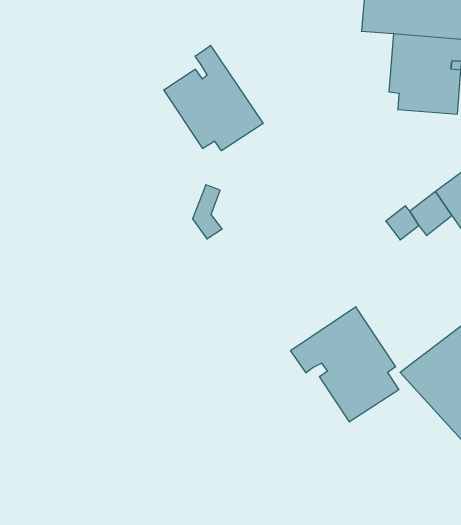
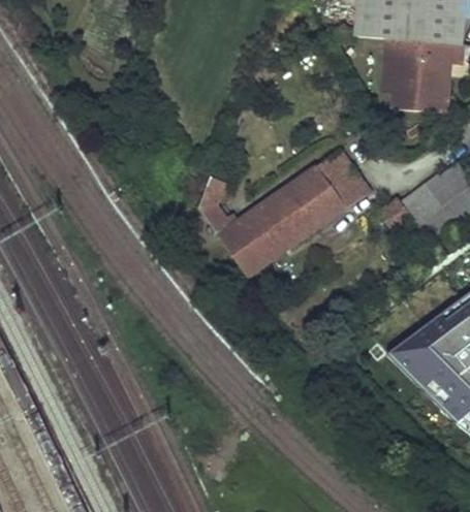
building: [164,45,263,151] -> none
building: none -> [218,148,372,275]
building: [291,307,399,422] -> none

